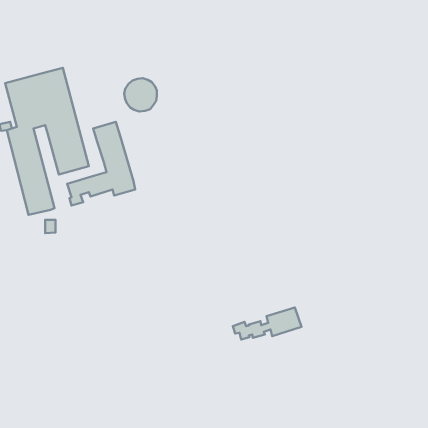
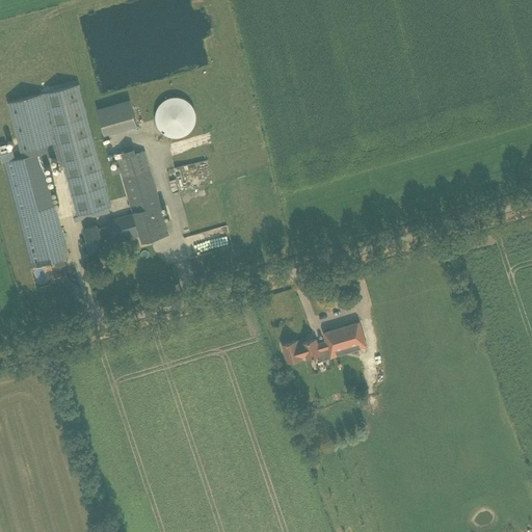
building: none -> [99,100,140,135]
building: [233,308,302,340] -> [281,323,366,363]

